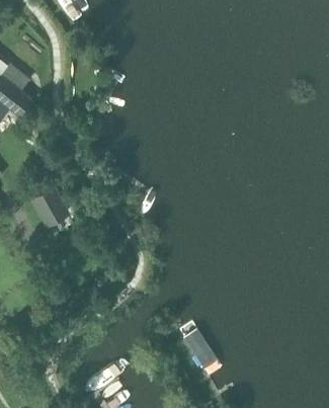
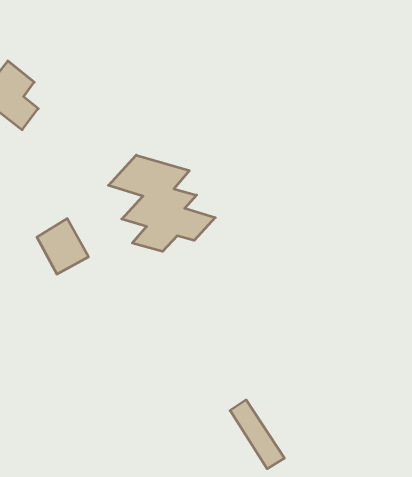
building: none -> [108,155,215,251]

